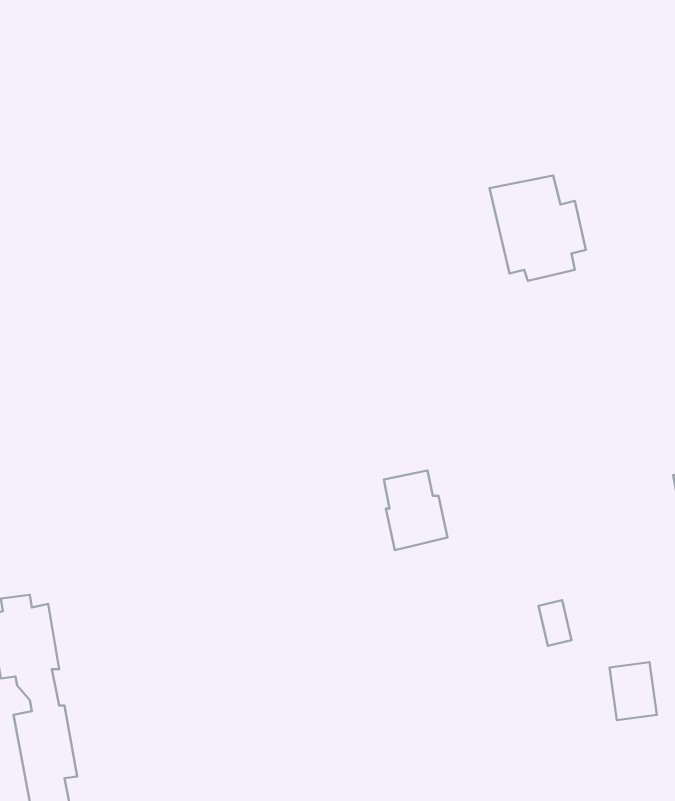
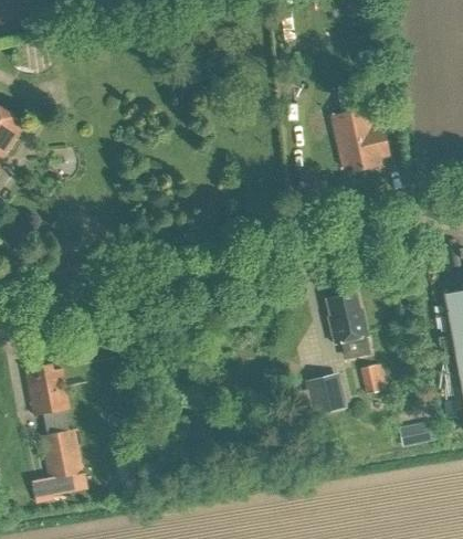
building: [384,470,447,550] -> [328,294,367,342]
building: none -> [306,372,348,416]

